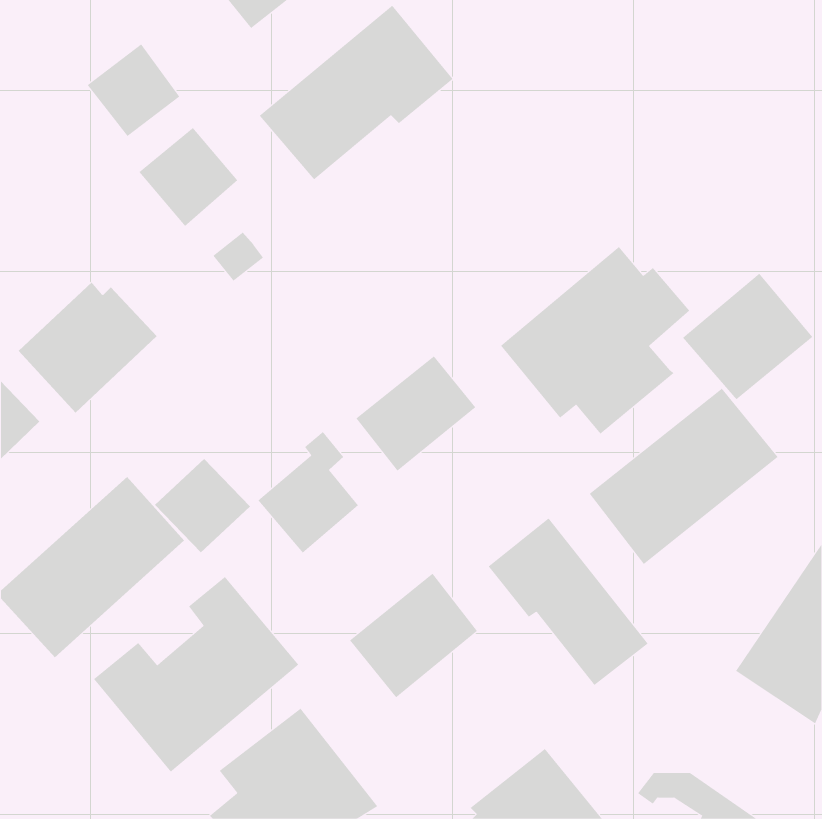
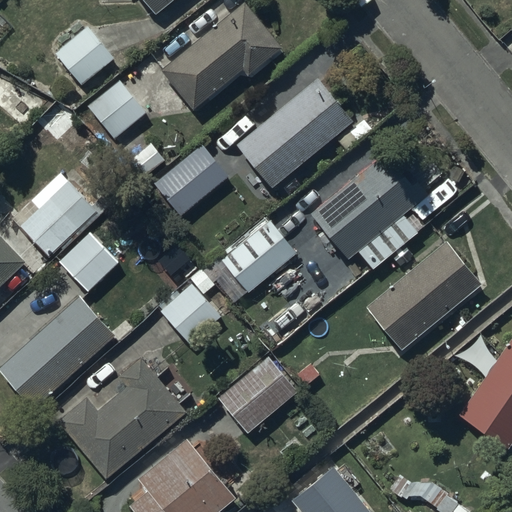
building: none -> [235,79,371,190]
building: none -> [153,145,227,216]
building: [682,273,813,400] -> none
building: [154,458,251,553] -> [58,233,118,292]
building: [488,518,649,686] -> none

